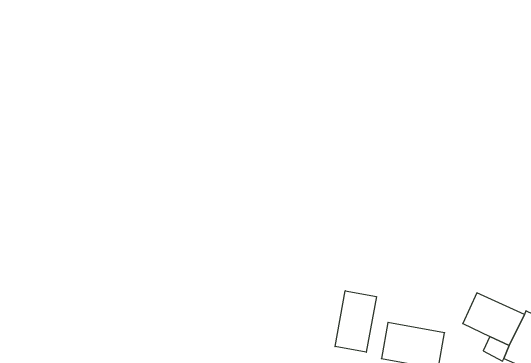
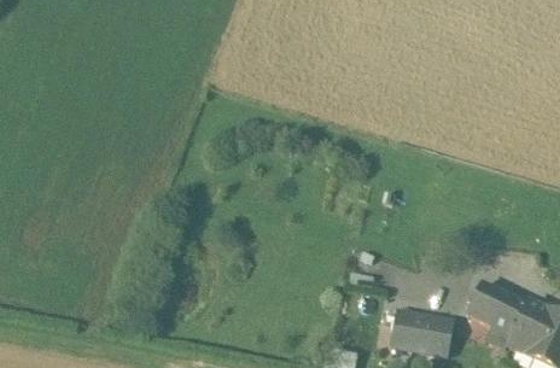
building: [335,291,376,352] -> none

